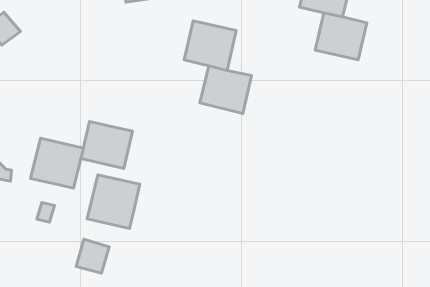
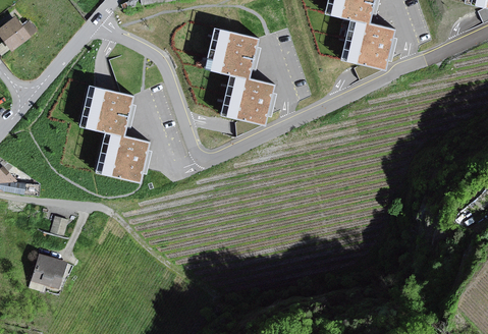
building: [31,138,83,188] -> [78,84,133,135]
building: [87,175,140,228] -> none
building: [76,239,109,273] -> [31,252,65,287]

